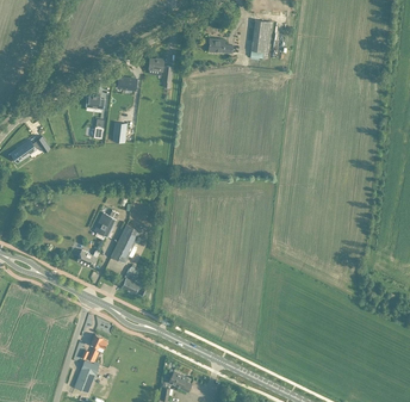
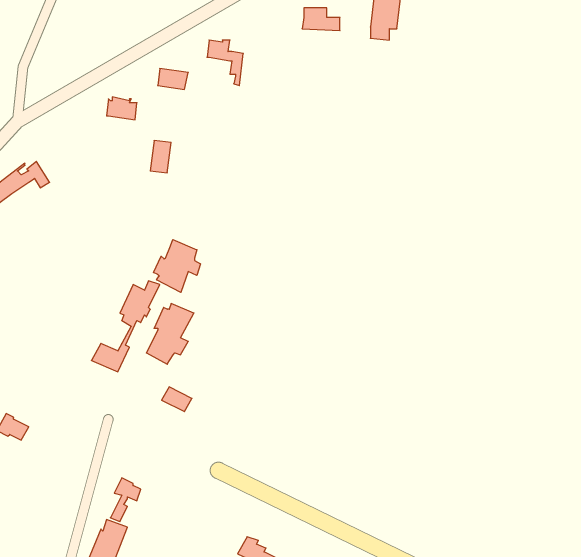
building: none -> [154,240,200,292]

